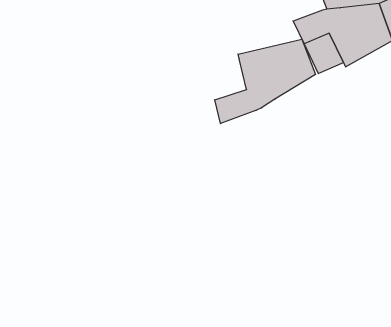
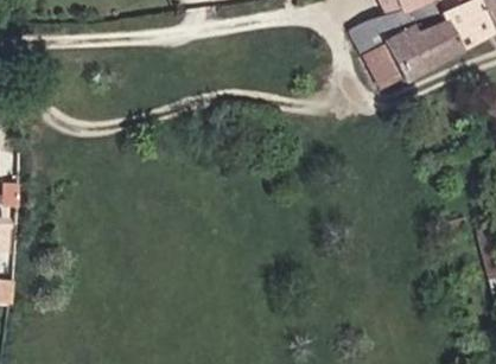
building: [215,39,316,124] -> none

